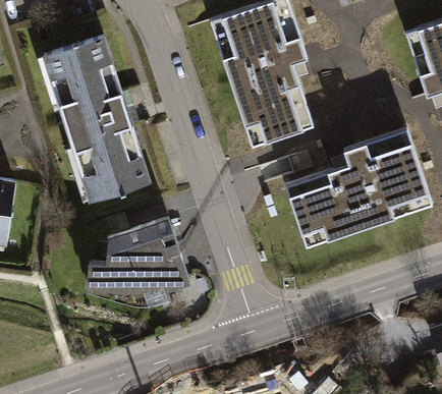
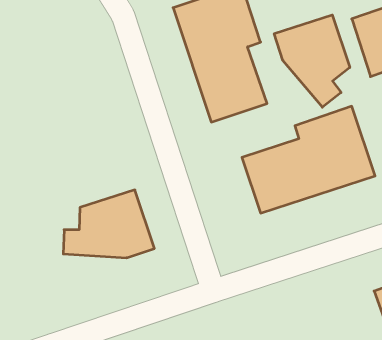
building: none -> [274,15,350,107]
building: [38,36,151,202] -> none

